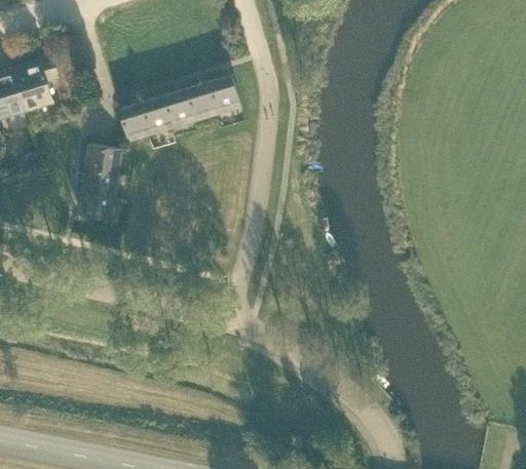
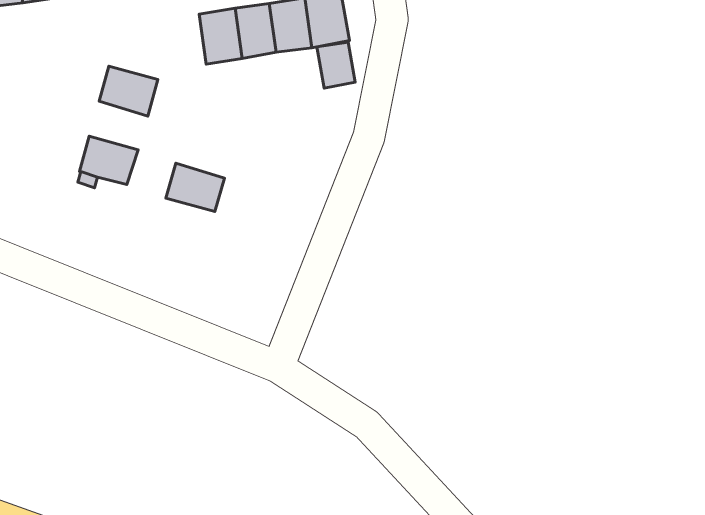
building: [116,101,149,140] -> none
building: none -> [317,42,355,88]
building: [80,166,116,194] -> [166,163,225,212]

